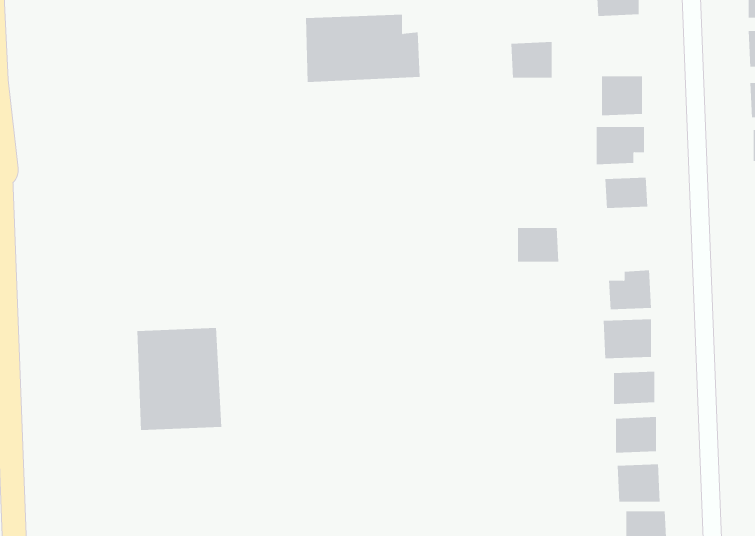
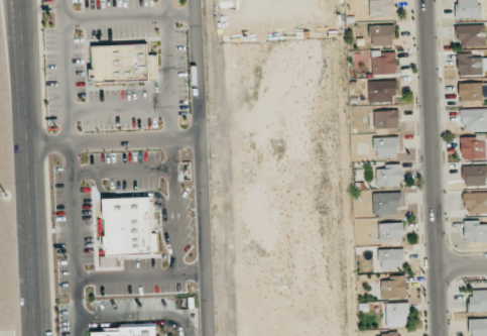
building: [305,14,420,82] -> [92,44,158,84]
building: [511,42,552,78] -> [370,24,394,45]
building: [517,227,559,262] -> [375,137,399,157]

